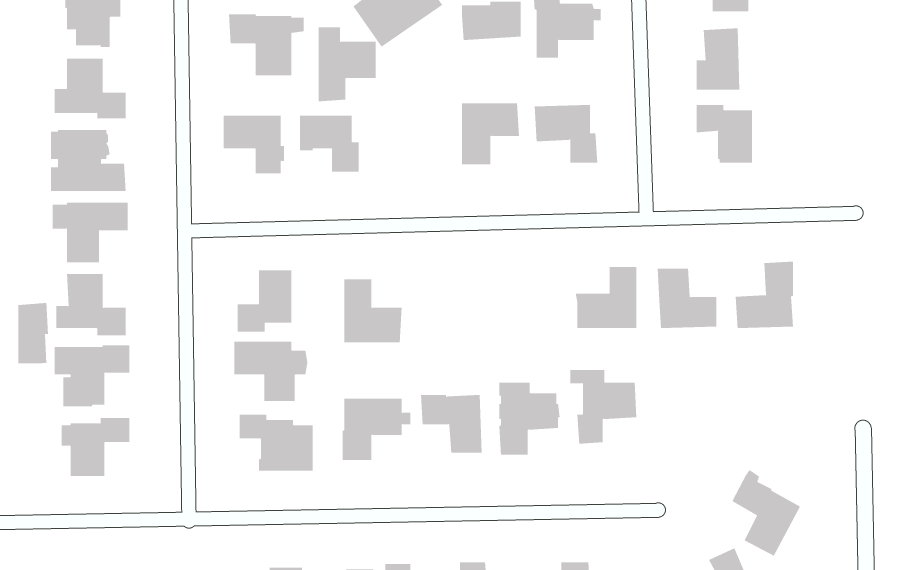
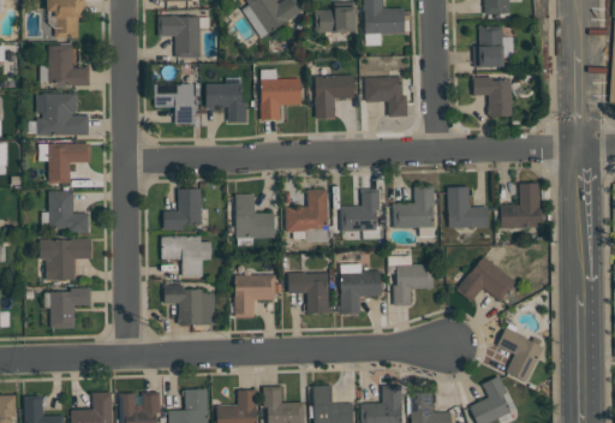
building: [318,27,376,102] -> [261,70,300,120]
building: none -> [341,189,380,239]
building: none -> [286,190,328,243]
building: [18,302,48,364] -> none
building: none -> [456,256,515,302]

